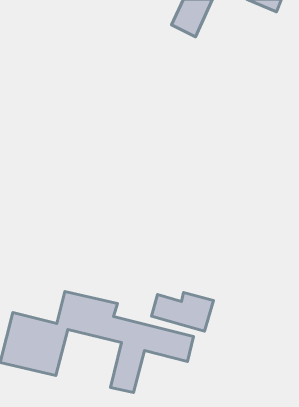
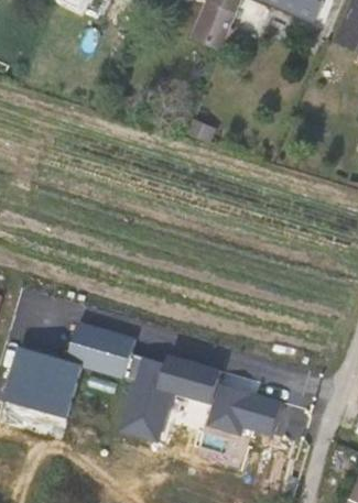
building: [151,292,213,331] -> [213,392,281,435]

